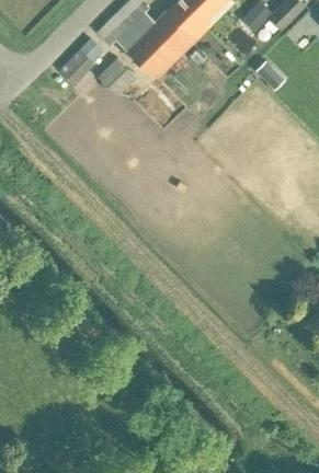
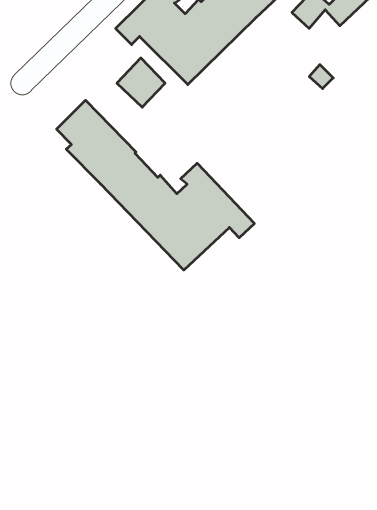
building: [60,38,105,86] -> none
building: none -> [57,100,254,270]

